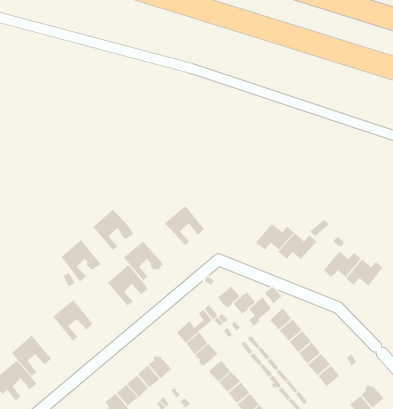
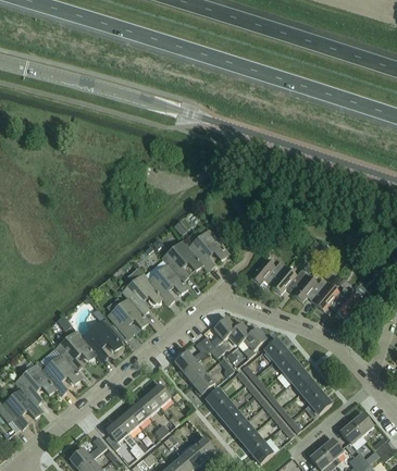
building: none -> [188,230,227,270]
building: [92,209,135,251] -> [148,263,188,303]
building: [61,239,101,282] -> [82,320,121,361]
building: none -> [293,275,330,302]
building: none -> [36,354,82,395]

